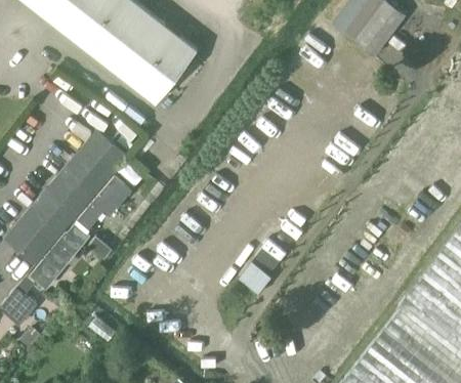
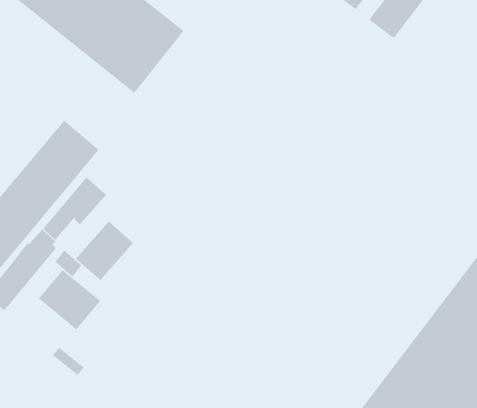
building: none -> [75,221,134,281]
building: none -> [38,269,101,330]

